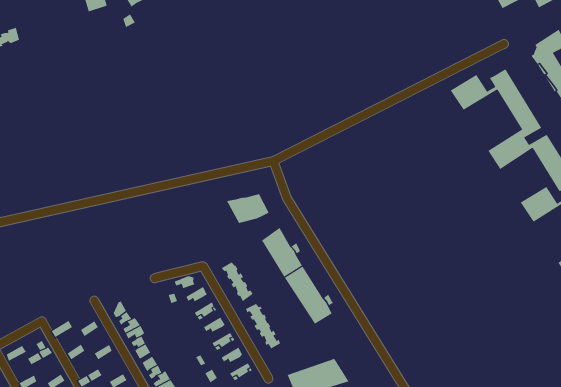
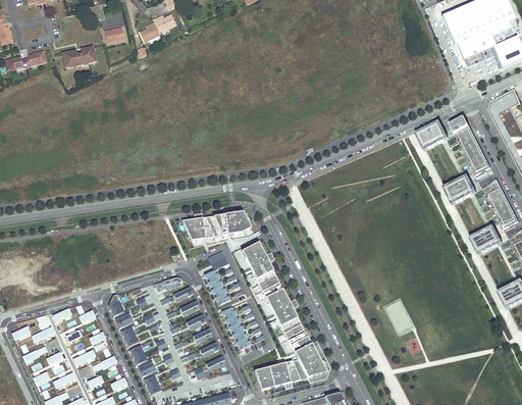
building: none -> [63,45,97,67]
building: none -> [180,214,223,239]
building: none -> [282,319,327,379]

